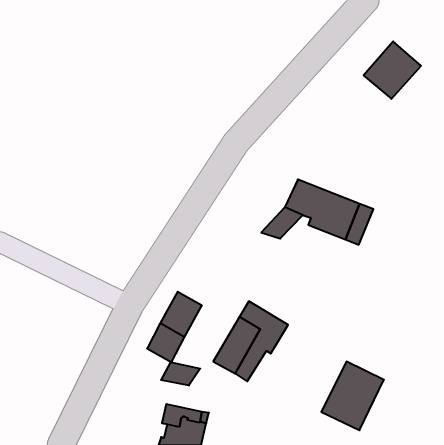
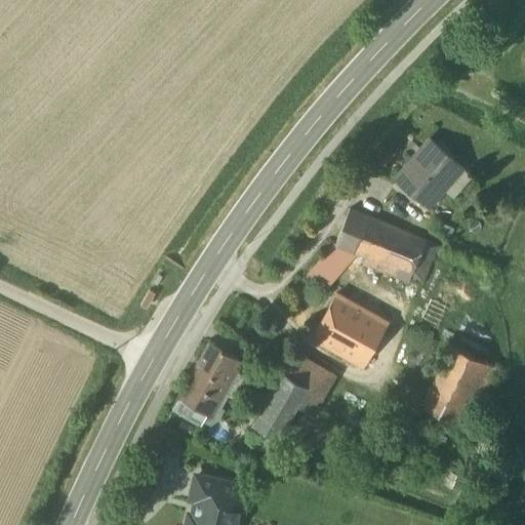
building: [364,41,421,99] -> [396,139,463,207]
building: none -> [313,295,388,367]
building: [321,361,384,430] -> [422,346,496,427]
building: [161,362,200,386] -> none

